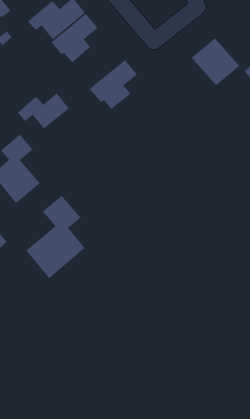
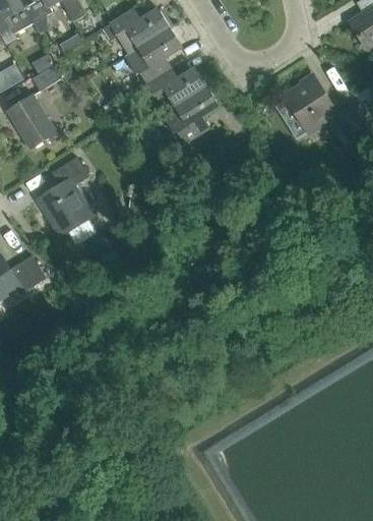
building: [17,92,70,130] -> [146,66,207,107]
building: [25,195,86,279] -> none

